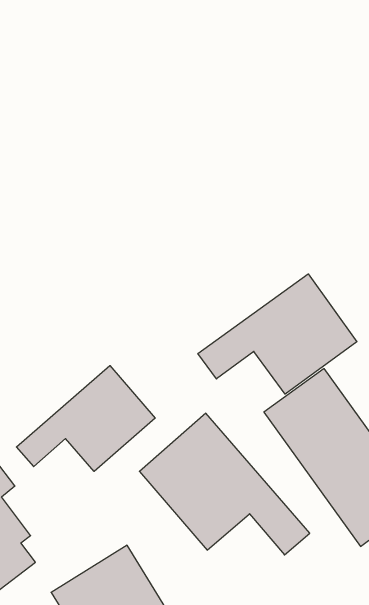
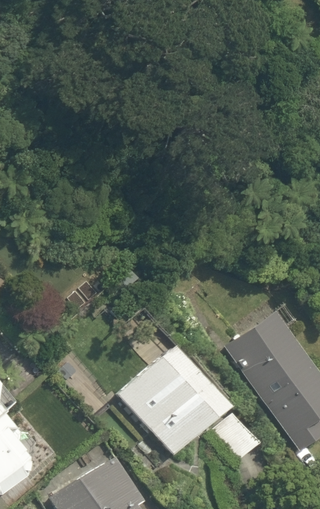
building: [198,274,357,394] -> none
building: [16,366,155,471] -> none

